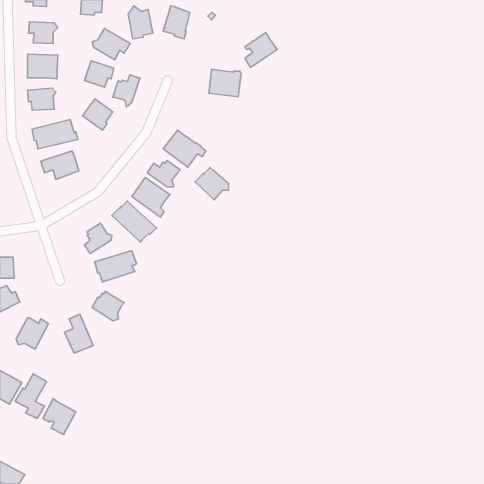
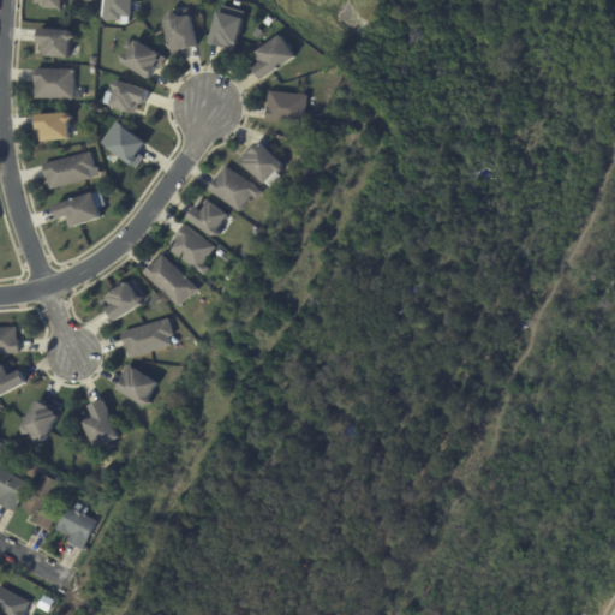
building: [245,32,277,68] -> [251,32,292,77]
building: [113,75,140,107] -> none
building: [195,167,228,200] -> [240,143,282,184]

